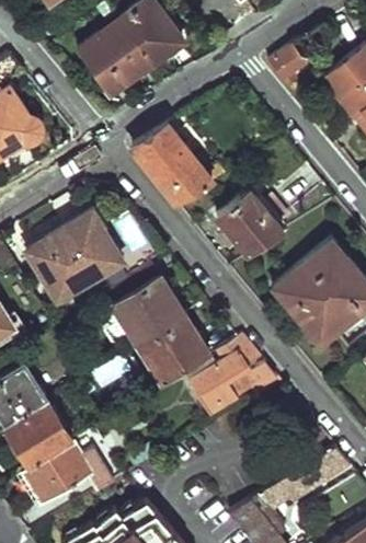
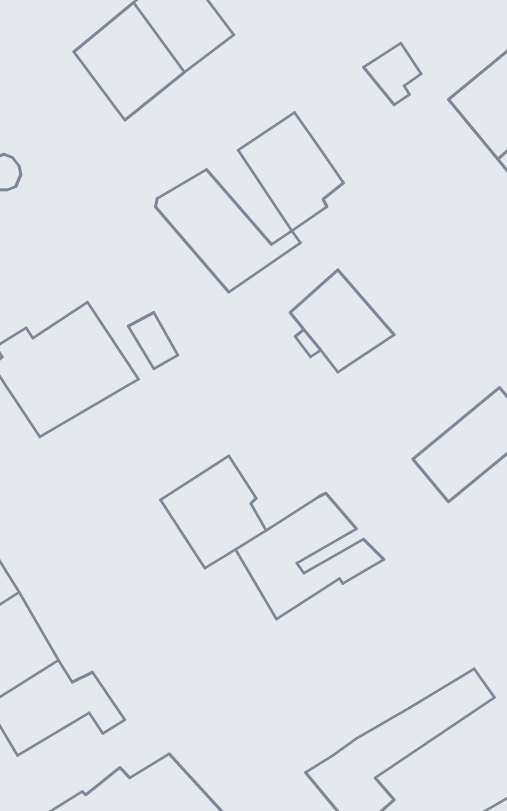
building: none -> [238,112,344,231]
building: [278,244,354,313] -> none
building: [103,265,180,339] -> none

